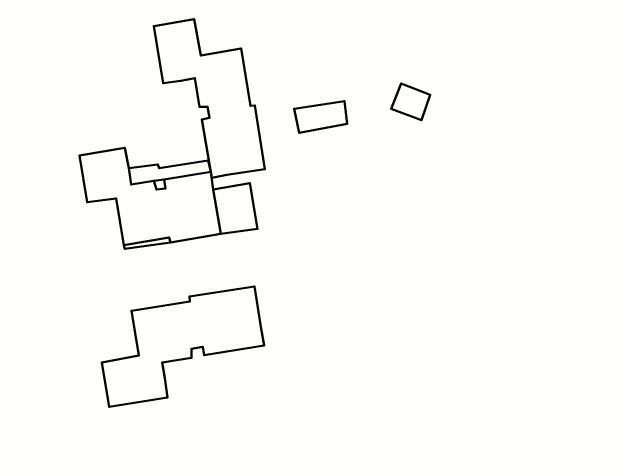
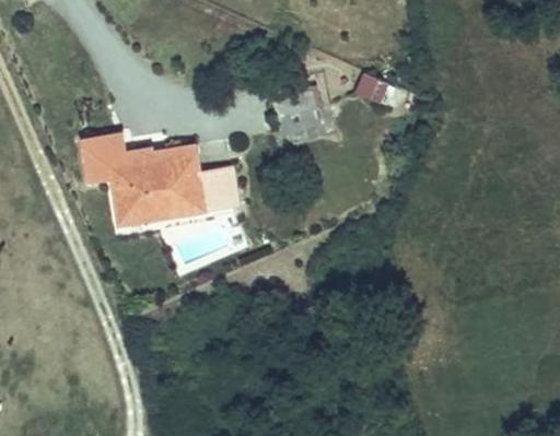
building: [154,19,265,178] -> none
building: [102,286,264,407] -> none

